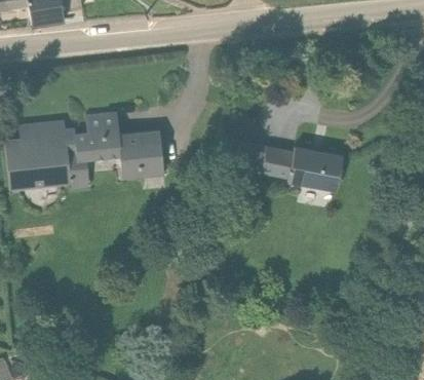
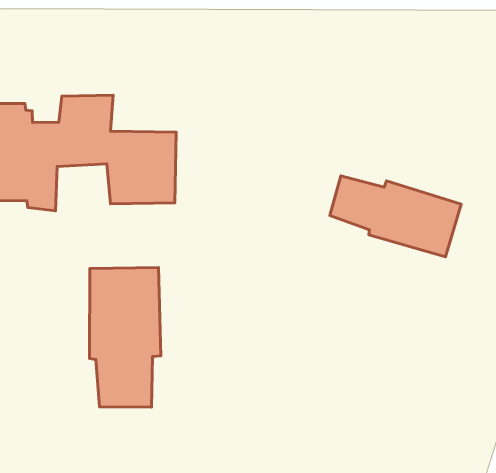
building: none -> [90,267,161,407]

